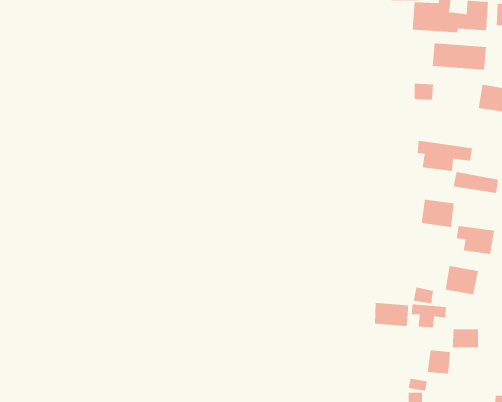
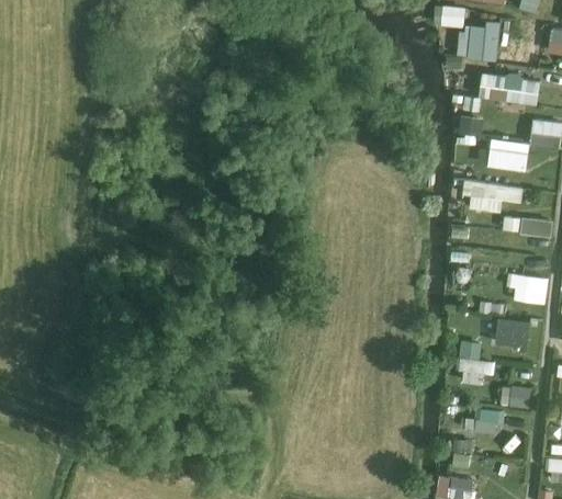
building: none -> [488,140,528,170]
building: [421,199,454,228] -> none
building: [375,302,409,327] -> none

